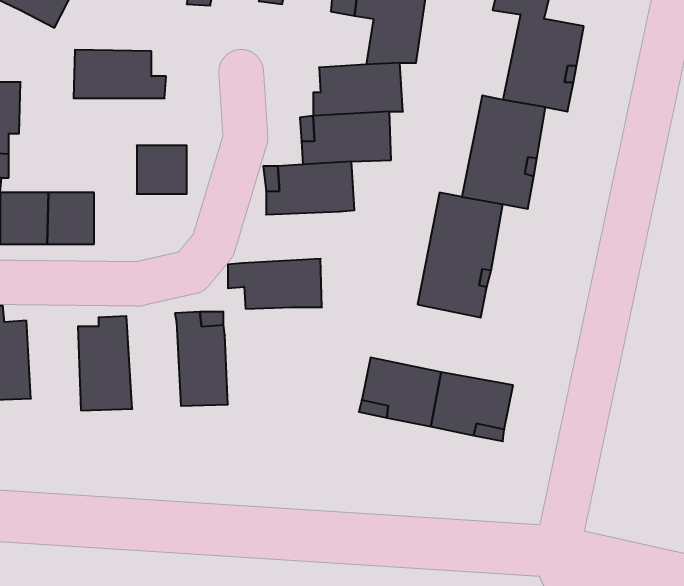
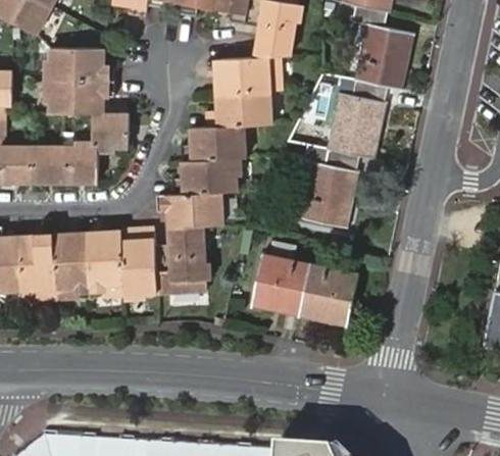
building: none -> [53,81,117,113]
building: none -> [67,146,101,183]
building: none -> [170,159,240,195]
building: none -> [158,225,208,293]
building: none -> [90,231,128,296]
building: none -> [20,234,58,299]

